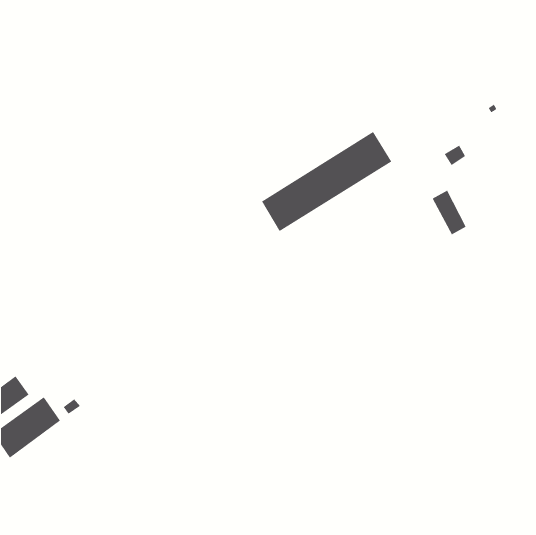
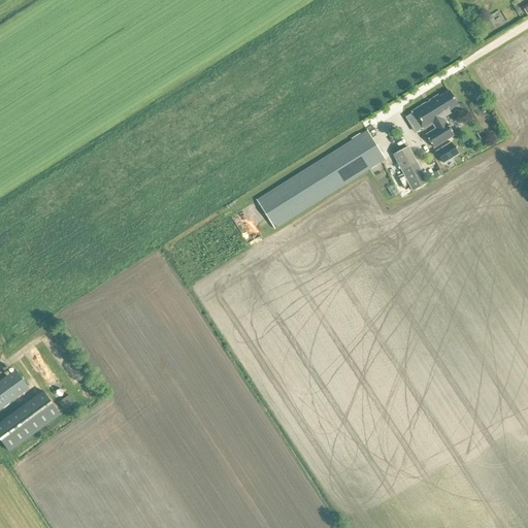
building: none -> [412,90,458,146]
building: [432,190,466,235] -> [393,145,427,190]

